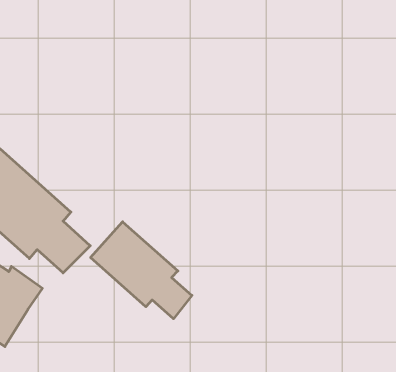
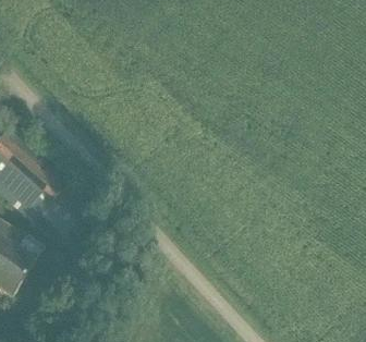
building: [91,222,192,319] -> none

